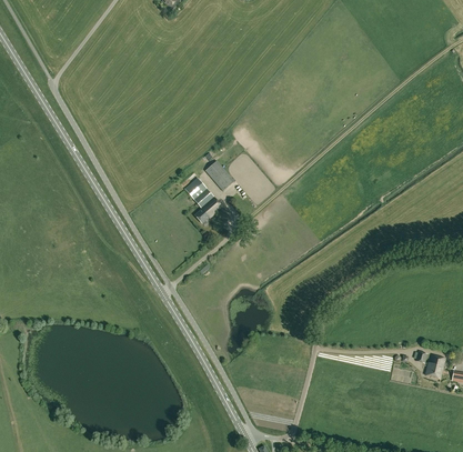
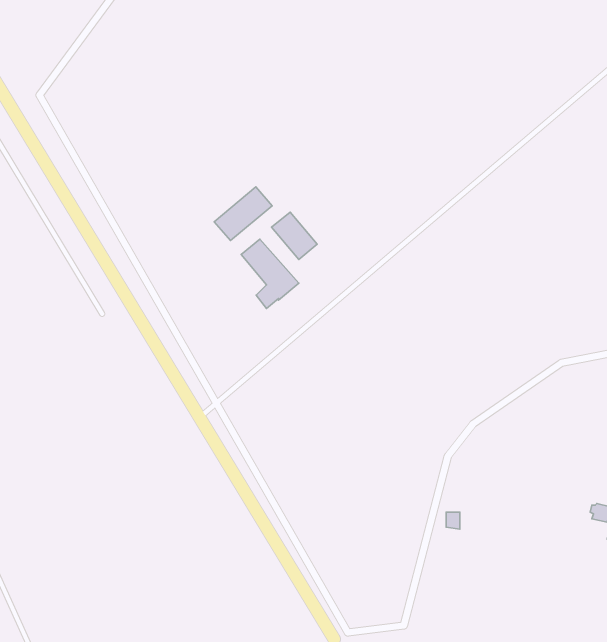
building: none -> [214,187,272,241]

